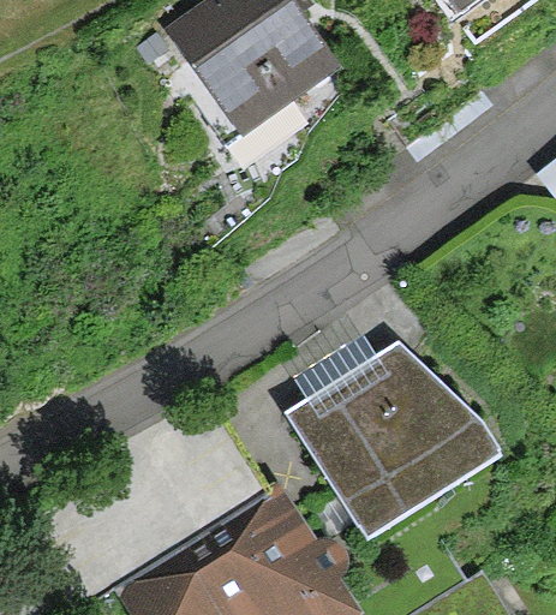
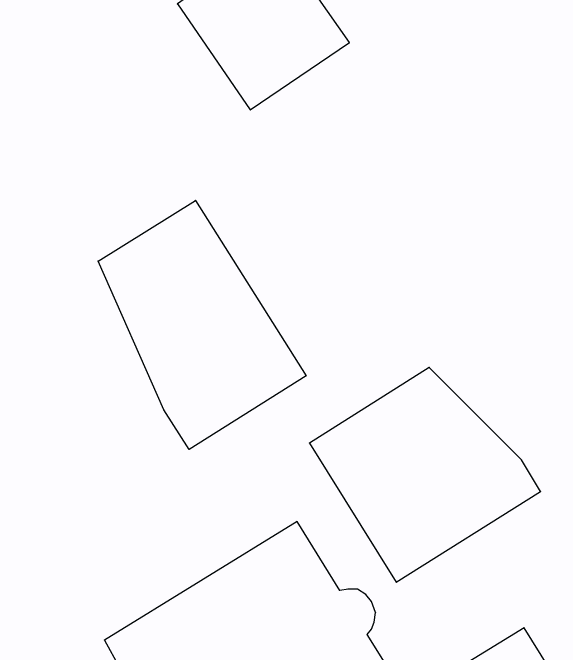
building: none -> [98,200,306,449]

